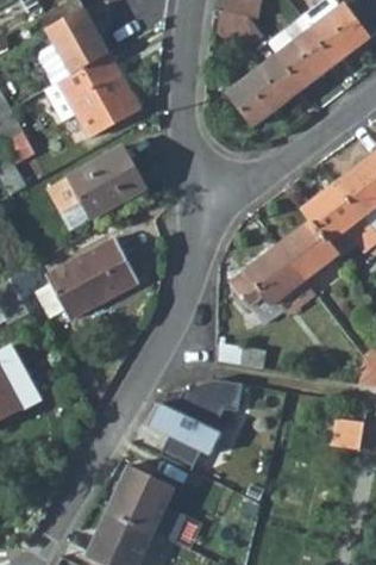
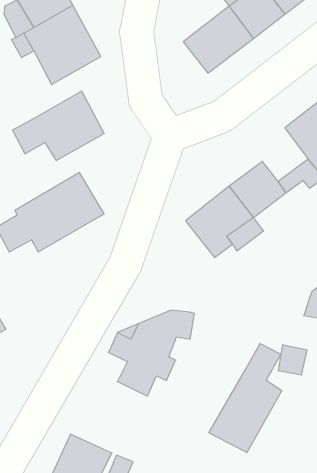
building: [305,184,362,241] -> none
building: none -> [209,343,282,453]
building: [108,465,174,530] -> none

